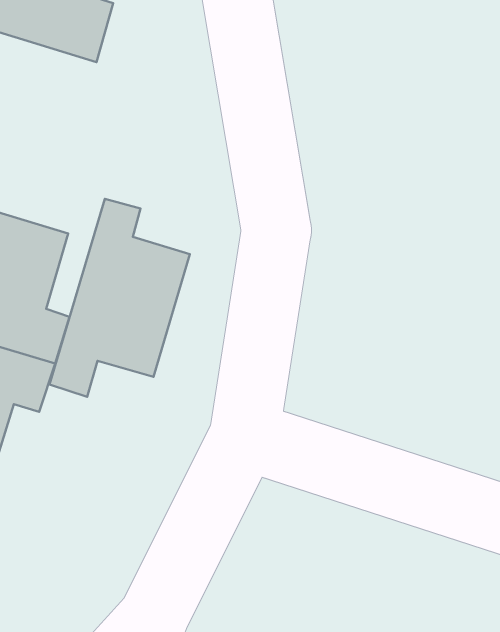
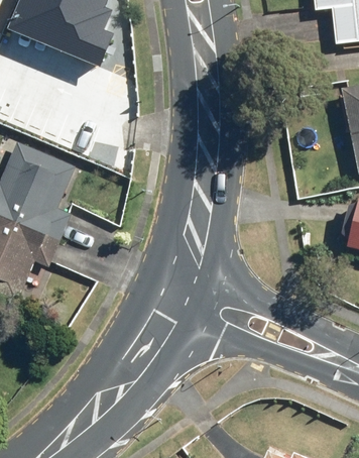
building: [49,199,190,397] -> none

